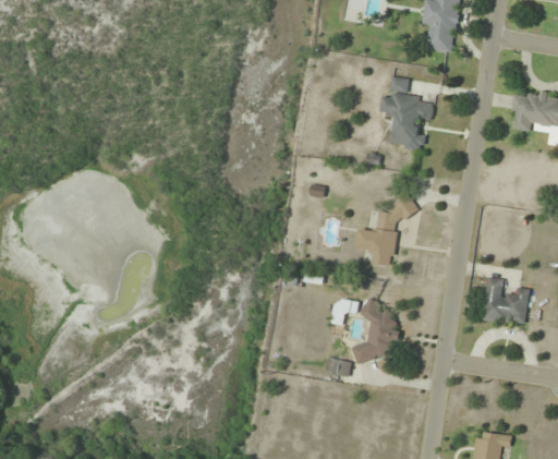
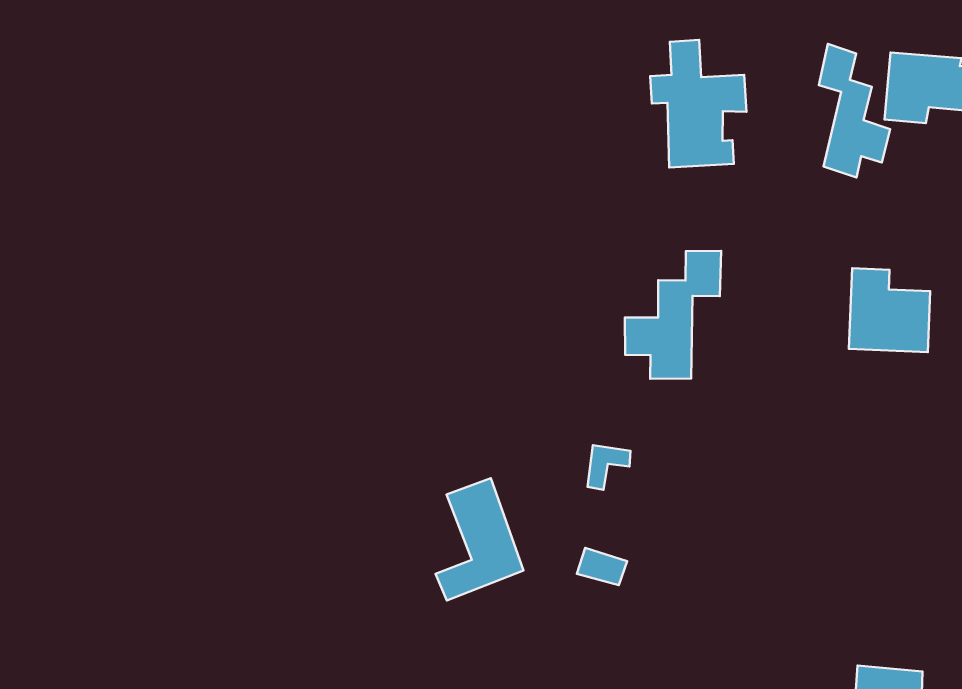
building: none -> [819,44,890,178]
building: [482,276,529,325] -> [849,268,930,352]
building: [351,295,400,362] -> [435,478,524,601]

